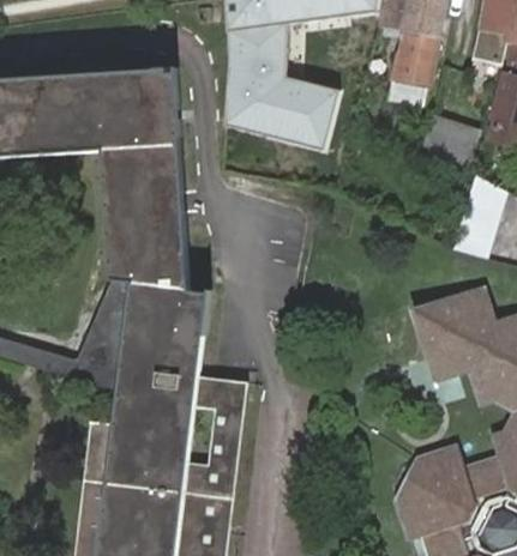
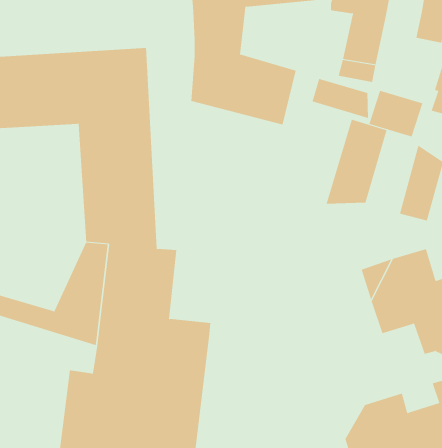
building: none -> [312,78,369,119]
building: none -> [326,119,387,204]

